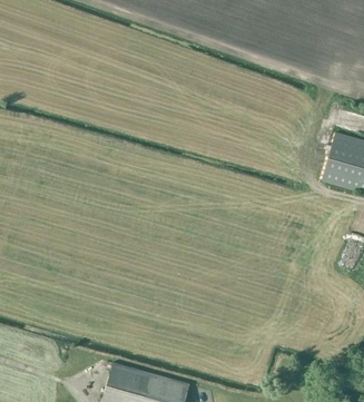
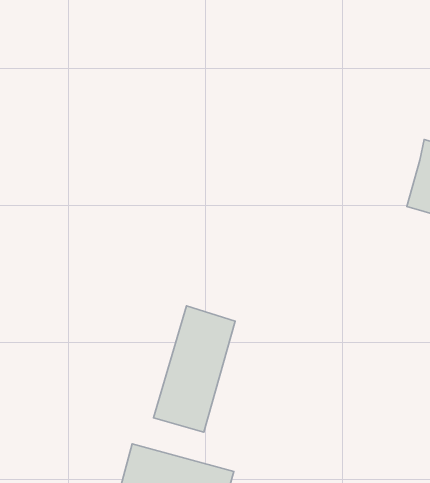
building: none -> [153,306,235,432]

